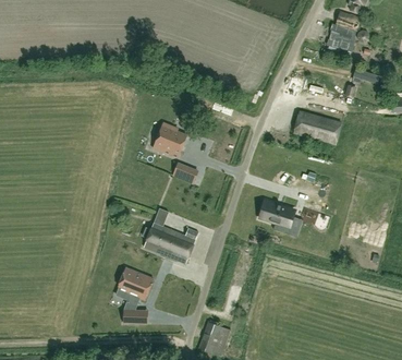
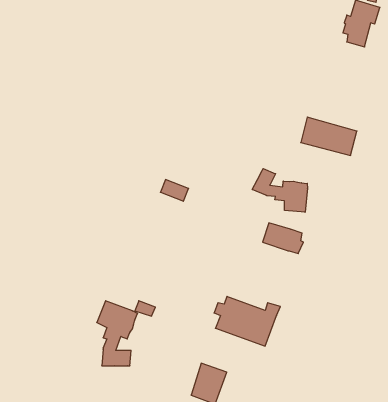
building: [156,121,186,155] -> none
building: none -> [252,169,307,212]
building: [142,219,198,262] -> [214,296,280,346]

